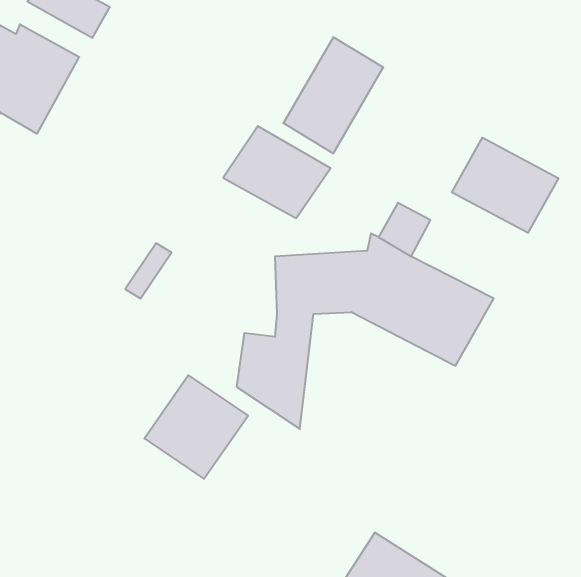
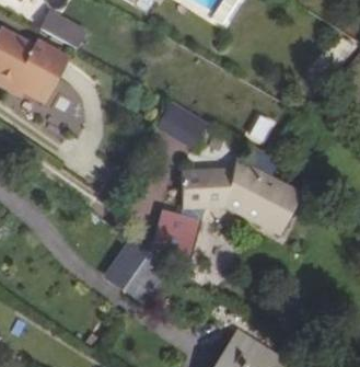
building: [283,37,383,153] -> none
building: [452,138,558,233] -> none

